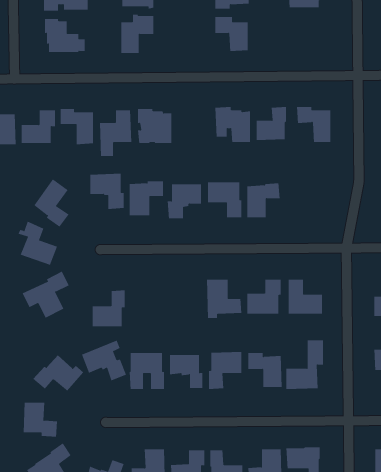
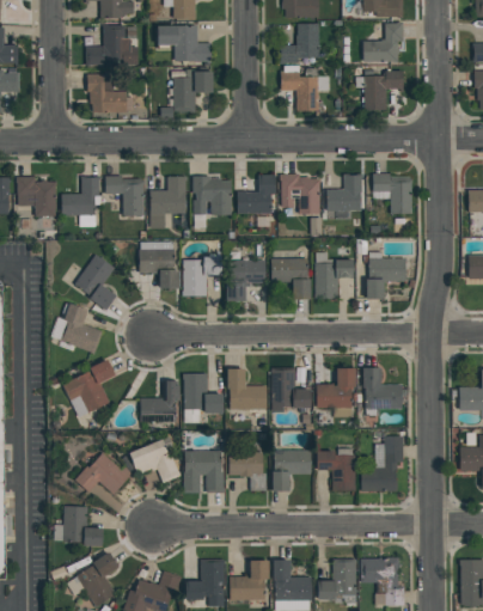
building: none -> [363,69,403,110]
building: none -> [237,175,276,214]
building: none -> [366,258,406,298]
building: none -> [227,369,267,410]
building: none -> [183,373,224,413]

